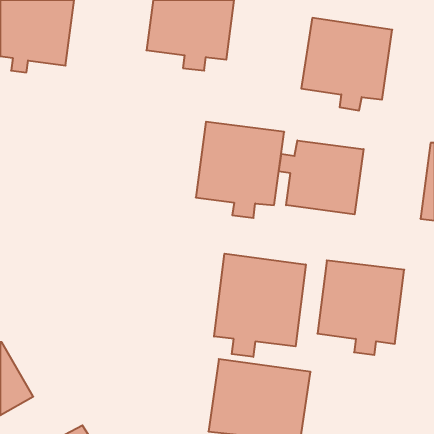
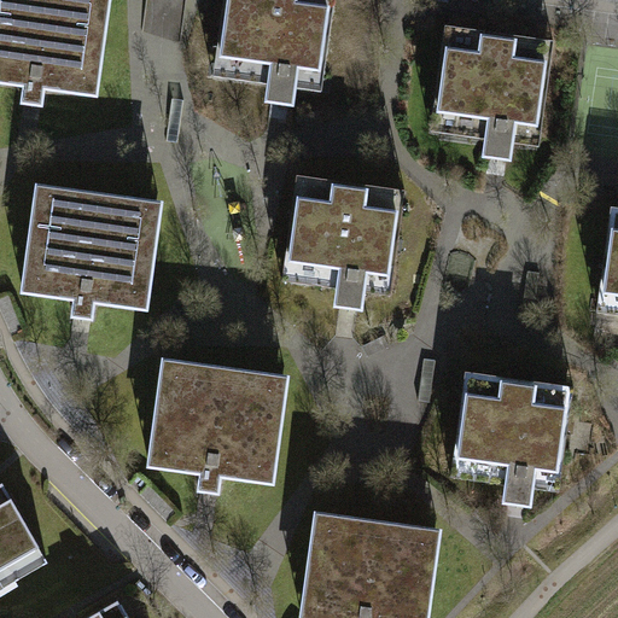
building: none -> [18,182,161,320]
building: [279,140,364,214] -> none
building: none -> [144,357,287,495]
building: [214,254,306,357] -> none

